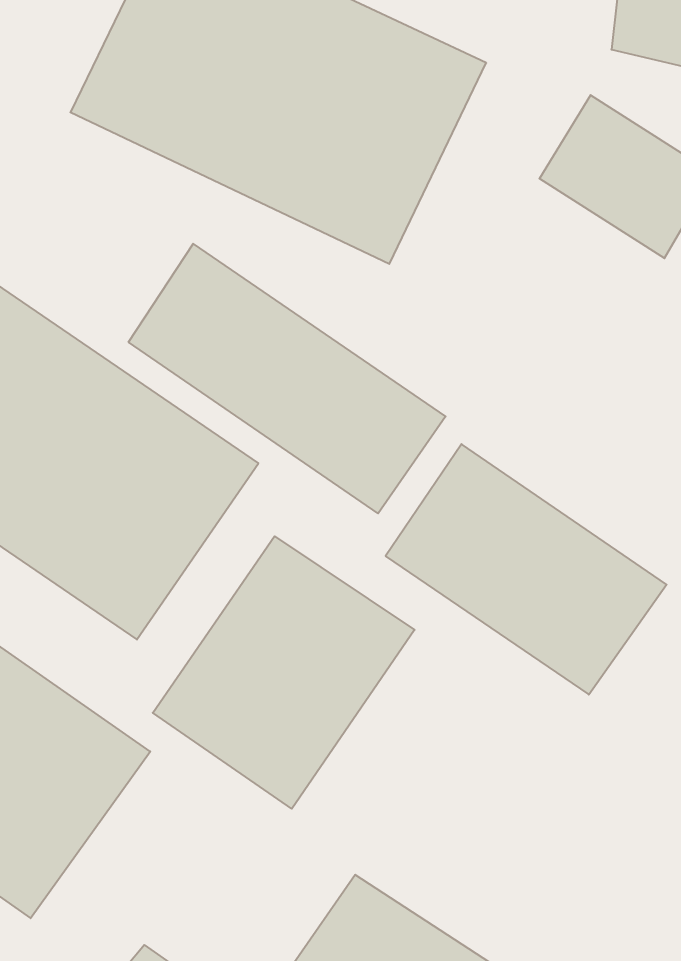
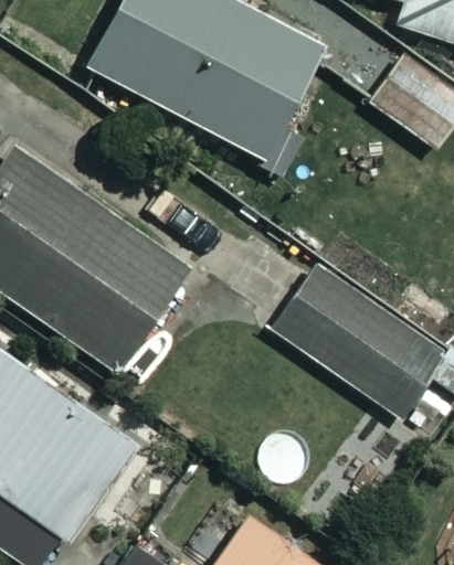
building: [129,244,446,513] -> none
building: [153,536,415,809] -> none

